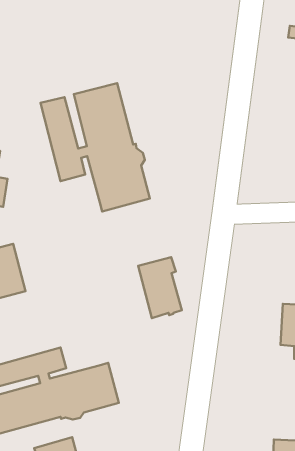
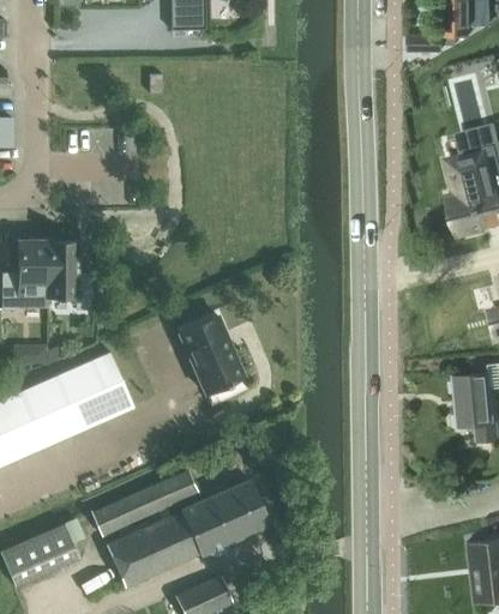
building: [41,83,150,211] -> none
building: [138,257,182,318] -> [180,317,241,395]

